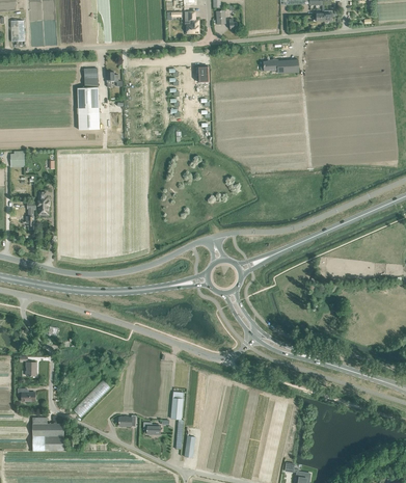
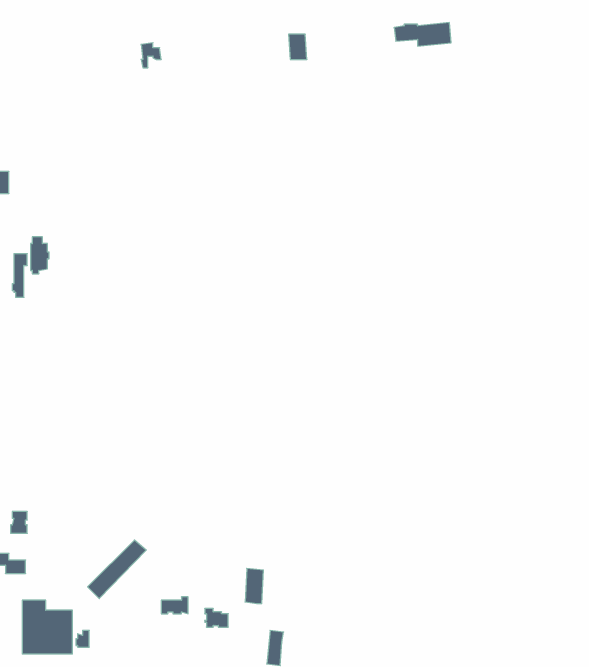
building: [77,68,99,129] -> none

